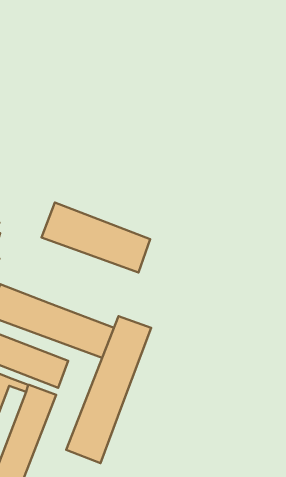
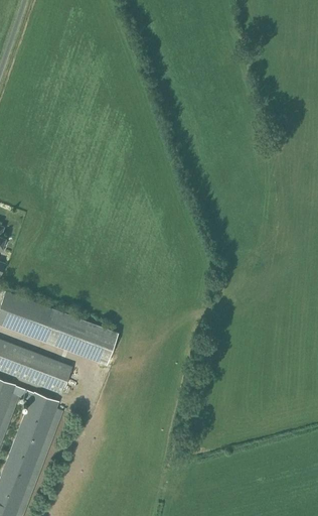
building: [42,202,150,272] -> none
building: [66,316,151,463] -> none

